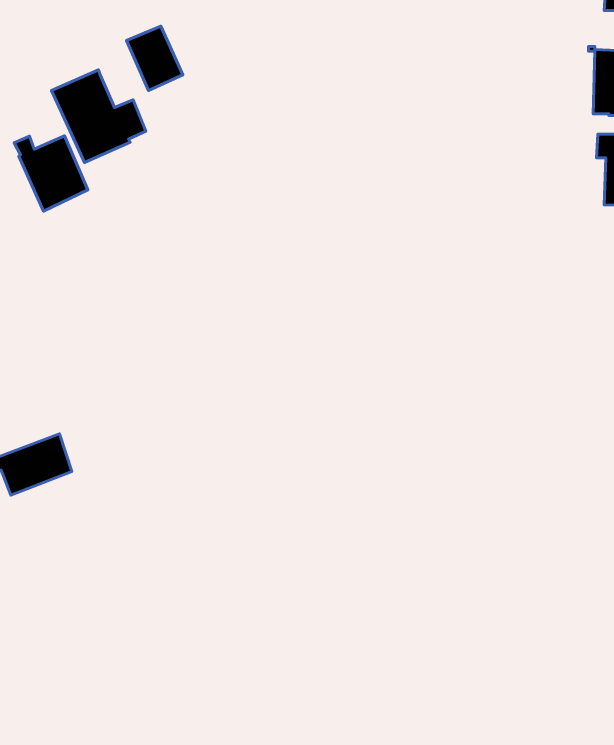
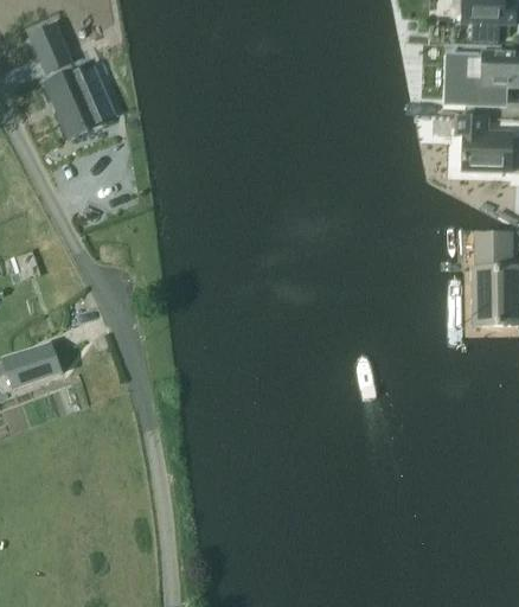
building: [126,26,183,91] -> [28,24,71,72]
building: [14,136,88,211] -> none

